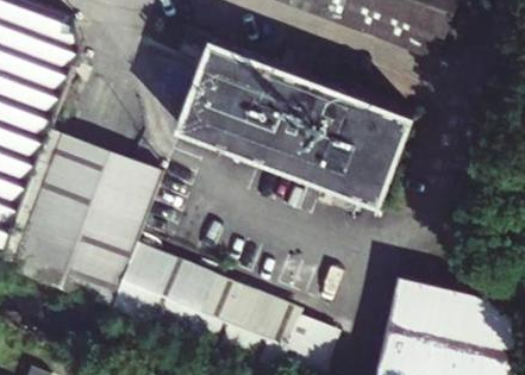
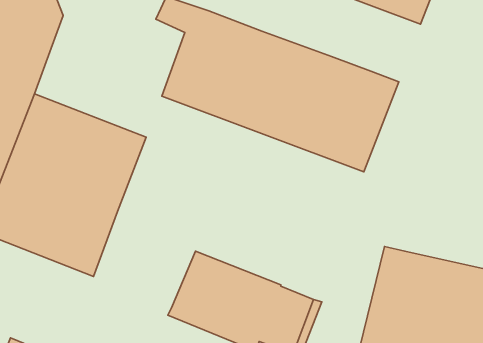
building: [110,243,299,338] -> none

